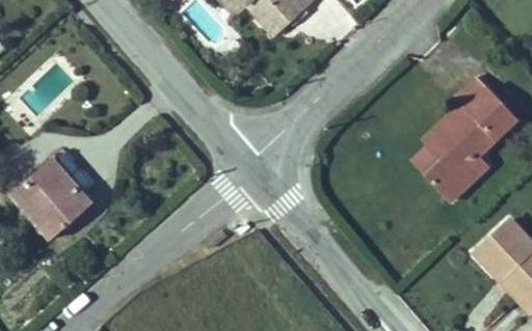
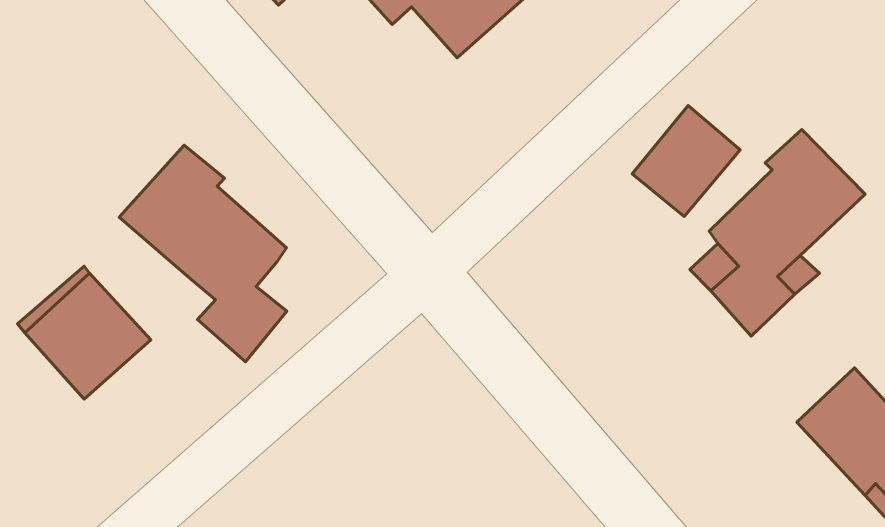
building: none -> [632,105,740,217]
building: none -> [119,145,287,362]

